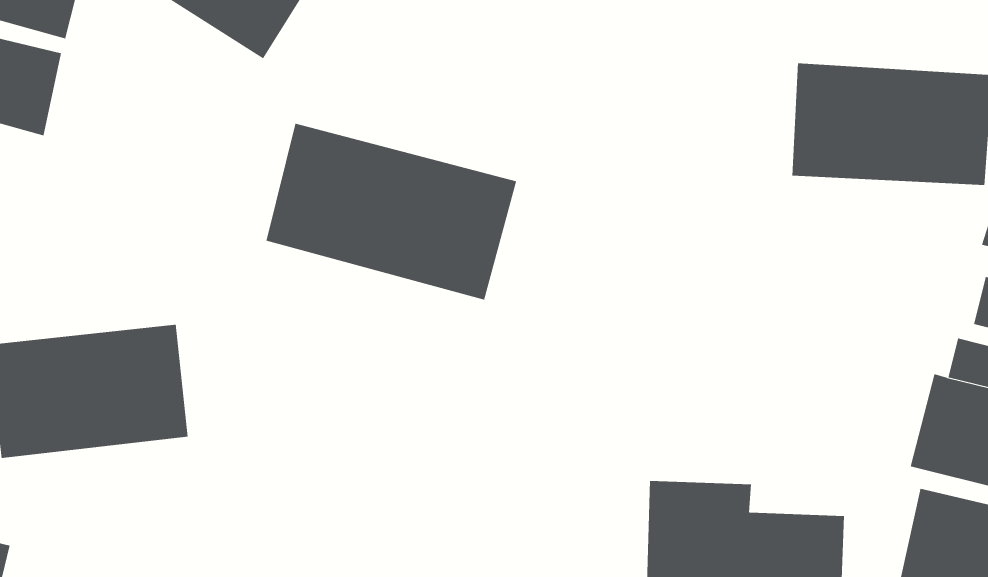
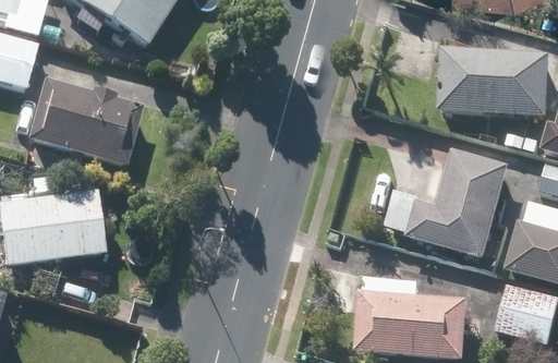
building: none -> [25,78,137,167]
building: [266,123,517,300] -> none
building: none -> [404,153,508,258]

